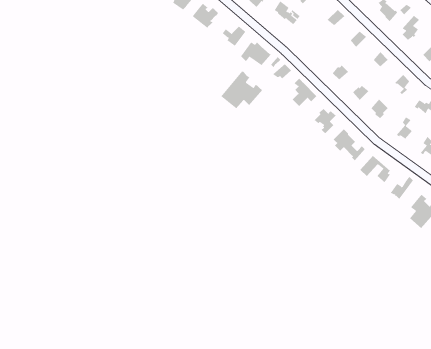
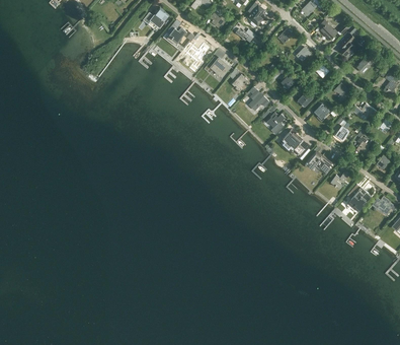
building: [221,71,263,109] -> none

